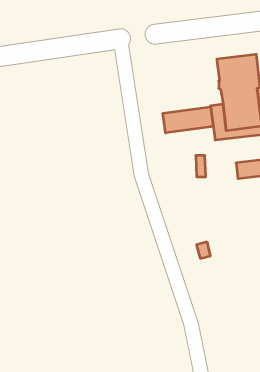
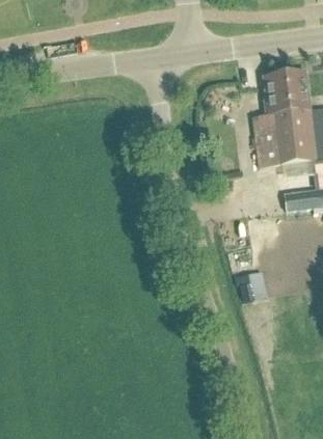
building: [163,107,213,133] -> none

